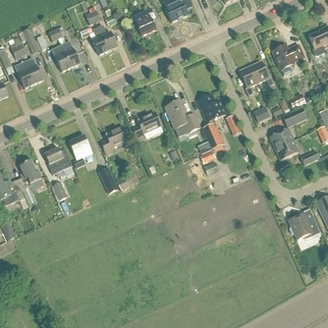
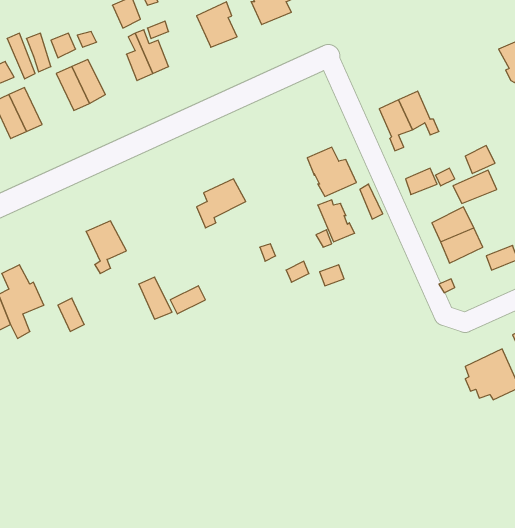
building: [271,44,304,69] -> none
building: [164,100,200,132] -> none
building: [101,125,129,154] -> none
building: [44,147,71,173] -> none

